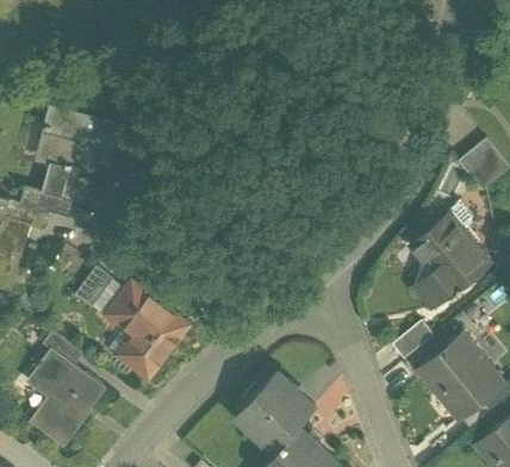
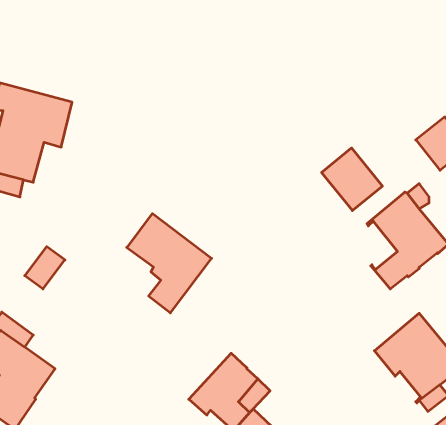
building: none -> [322,148,382,211]
building: [105,281,188,379] -> [127,214,212,313]
building: [391,320,434,360] -> none

